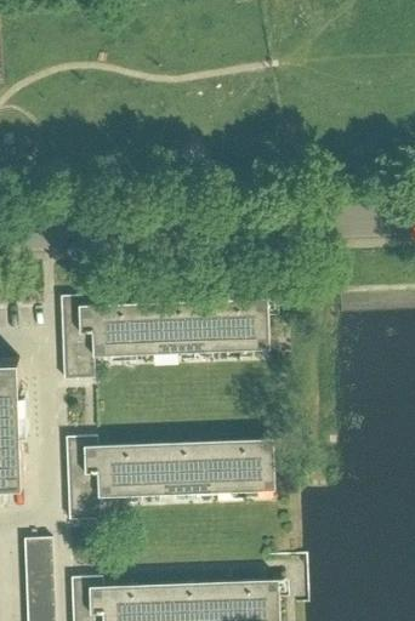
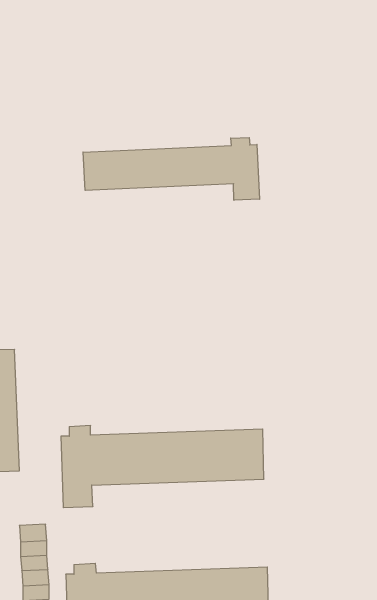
building: none -> [83,138,260,200]
building: [61,296,269,381] -> none

